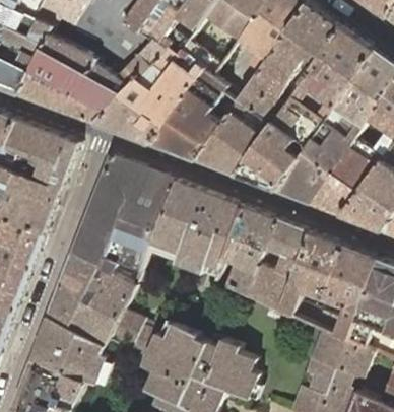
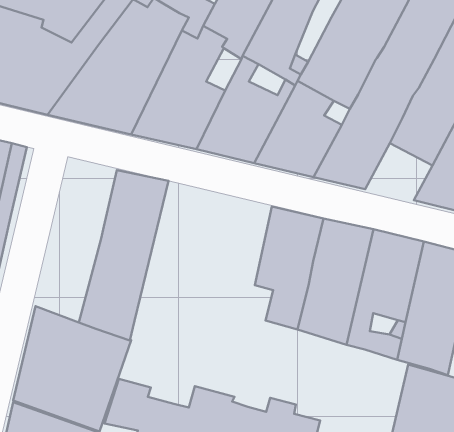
building: [69,155,138,269] -> none
building: [308,175,356,216] -> none
building: [148,181,242,275] -> none

